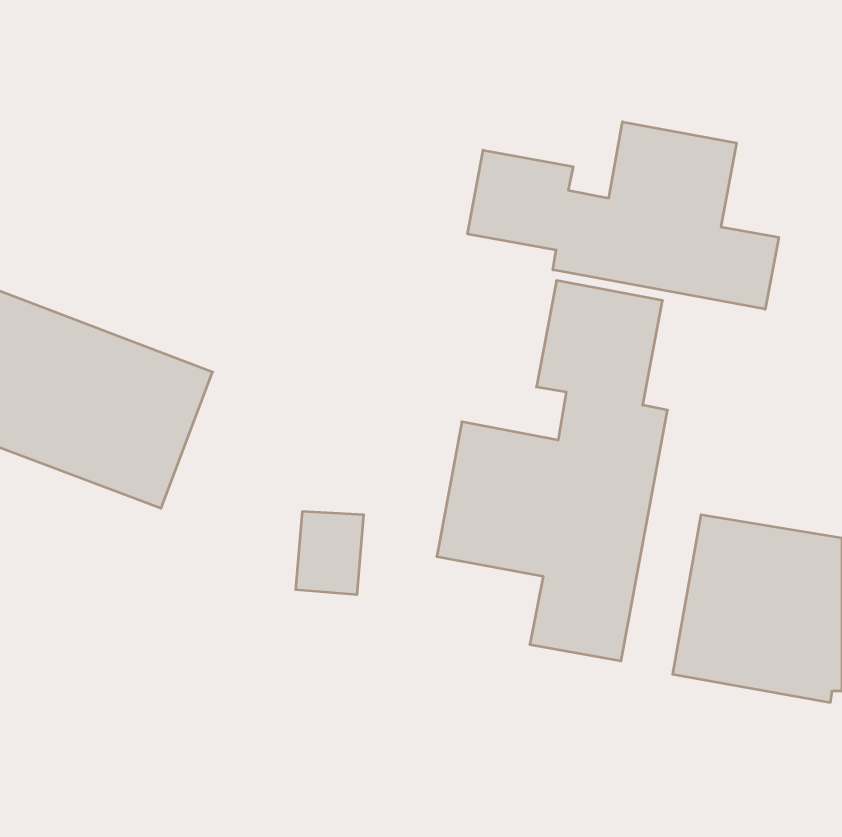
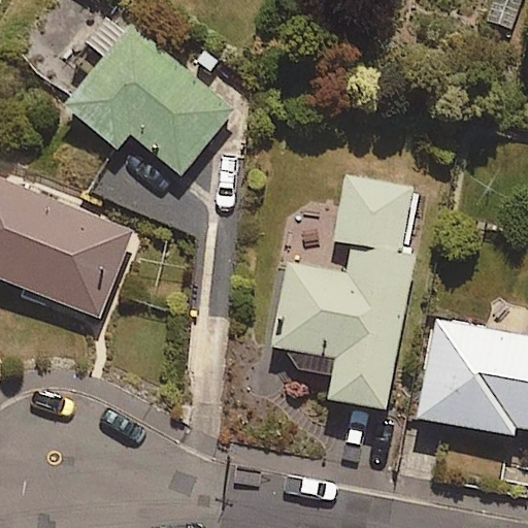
building: none -> [65,11,233,172]
building: [468,122,779,309] -> none

